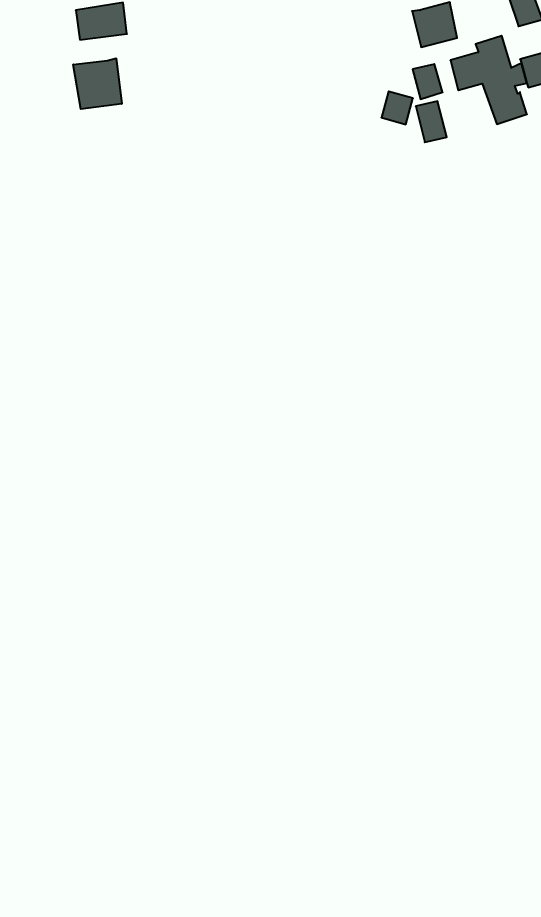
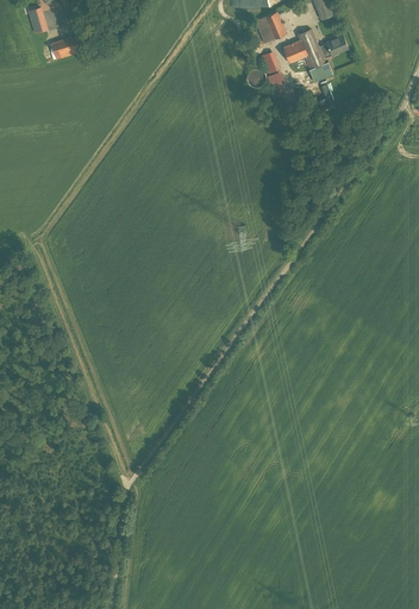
building: [73,58,122,109] -> none

